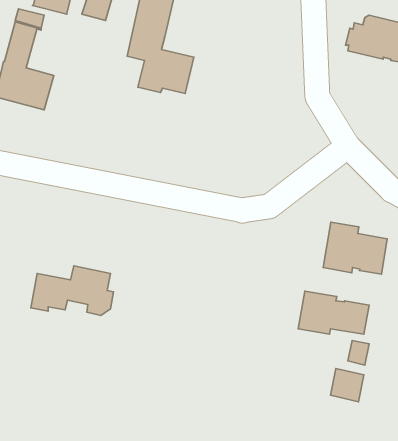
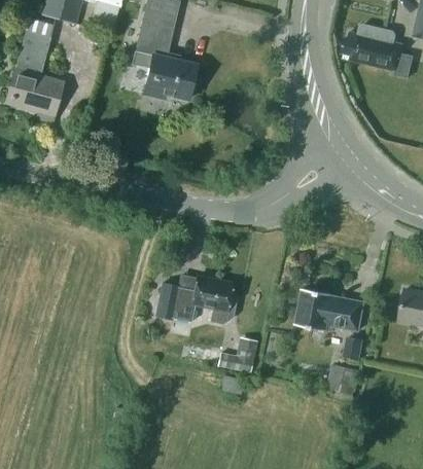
building: [323,222,387,274] -> none
building: [31,266,114,315] -> [156,277,236,324]
building: none -> [219,338,256,371]

